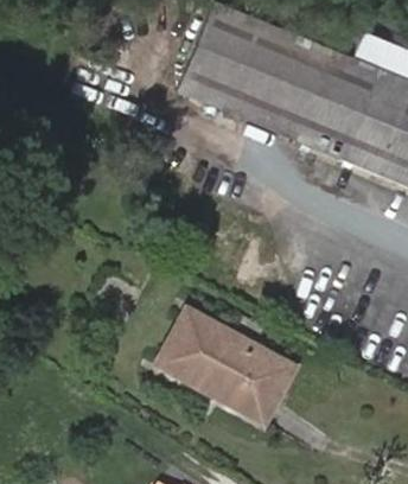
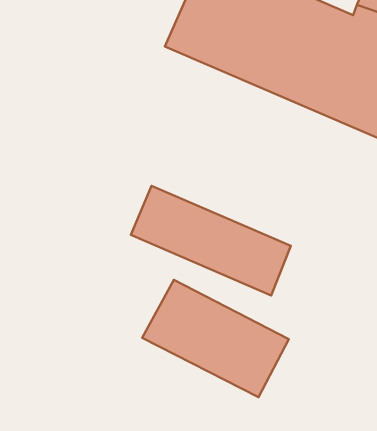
building: none -> [131,186,291,296]

